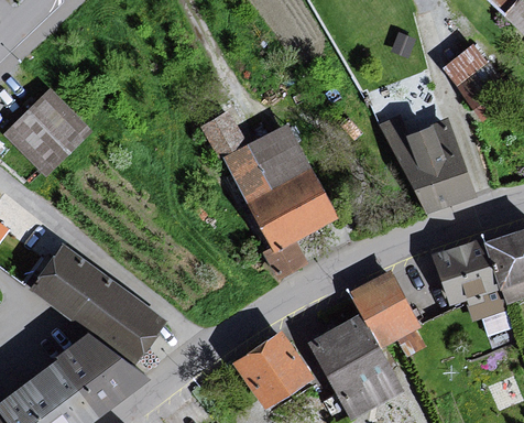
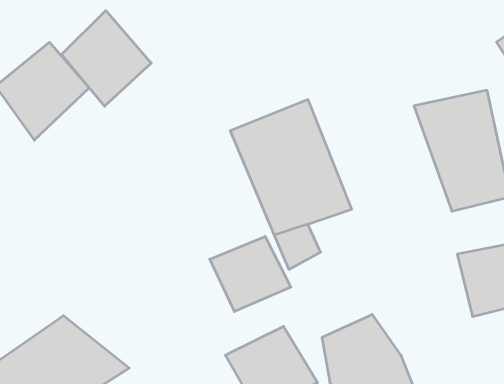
building: none -> [61,11,151,106]
building: [31,248,171,369] -> none
building: none -> [210,236,291,312]
building: [352,272,426,350] -> none

